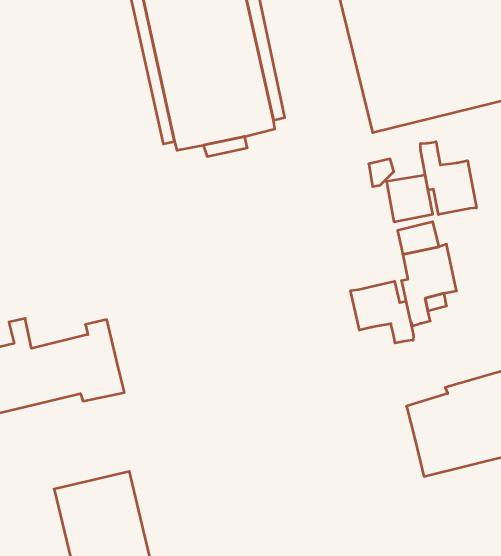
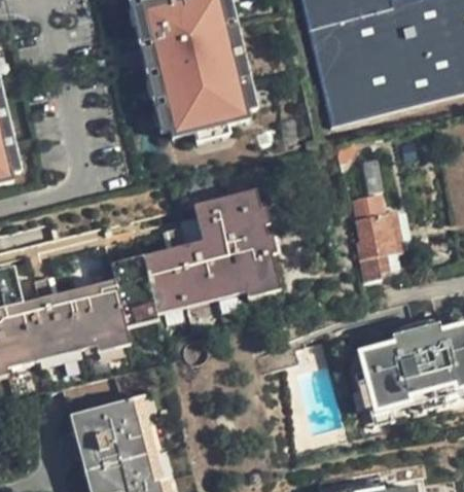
building: [420,142,476,215] -> none
building: none -> [110,185,277,317]
building: [351,281,413,343] -> none

